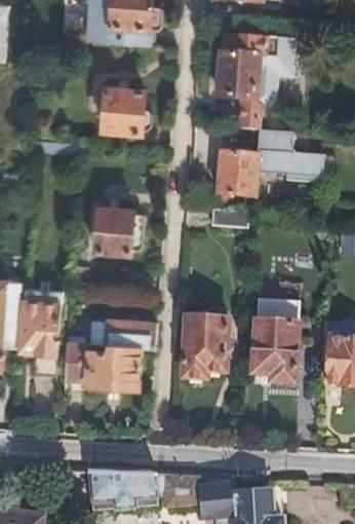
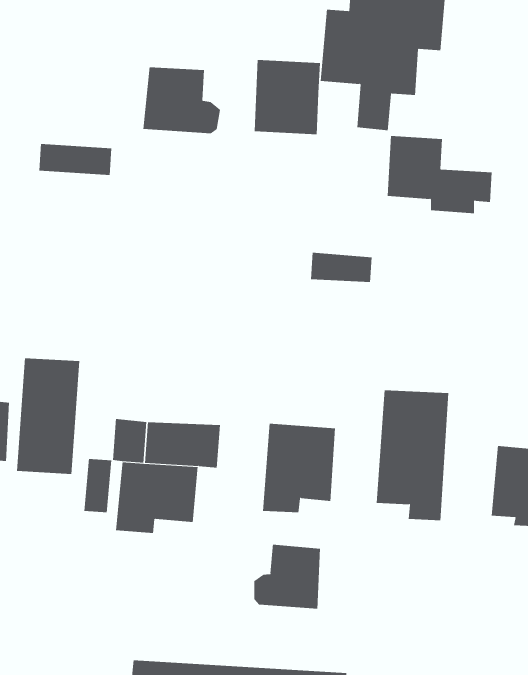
building: [216,150,260,198] -> [254,60,321,135]
building: [94,208,144,252] -> none
building: none -> [254,544,320,609]

